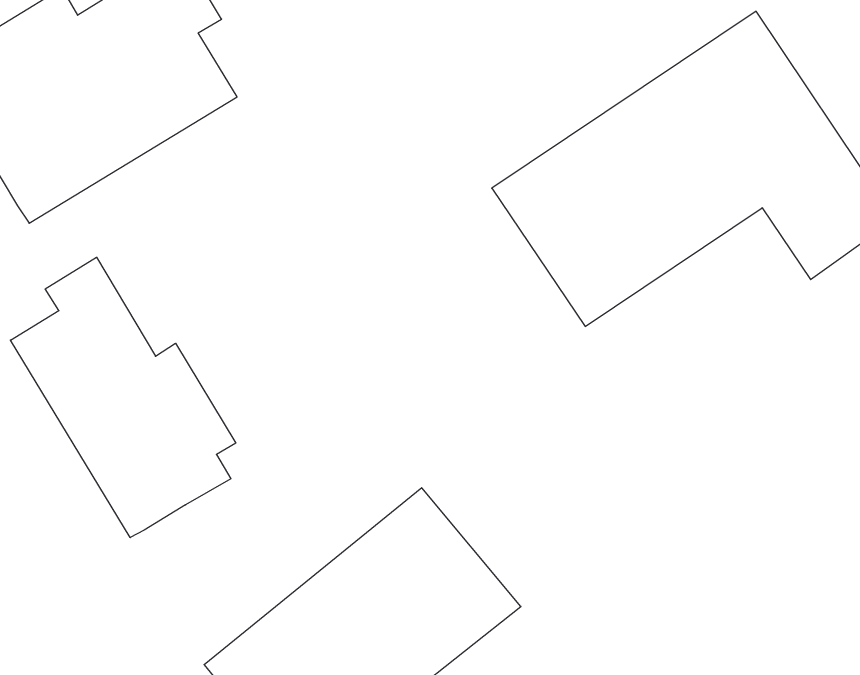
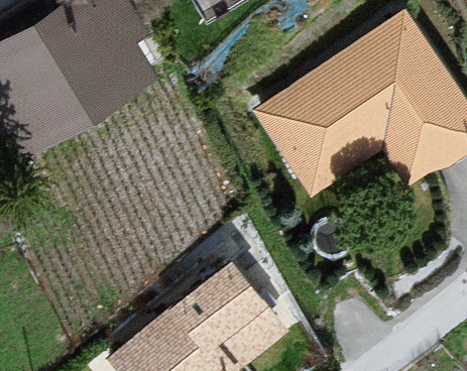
building: [10,257,236,538] -> none

